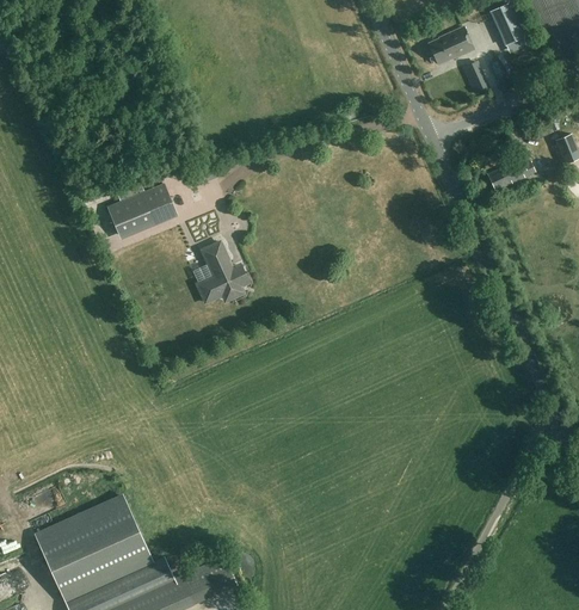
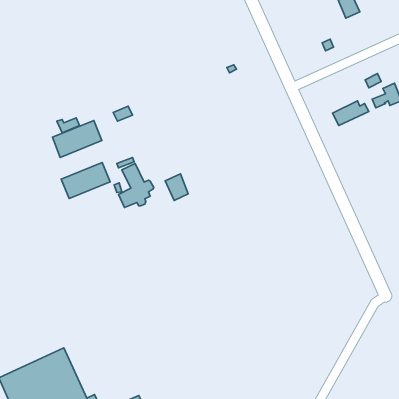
building: [429,27,474,66] -> none
building: none -> [61,163,110,198]
building: none -> [165,174,188,200]

